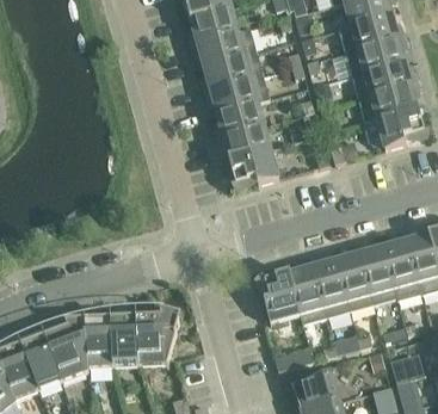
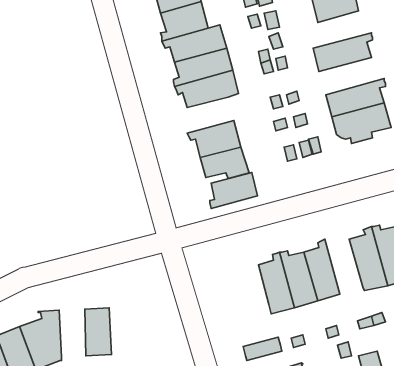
building: [339,13,405,51] -> none
building: [351,61,418,99] -> none
building: [215,101,264,138] -> [210,173,258,209]
building: [357,246,396,303] -> none
building: [264,273,300,322] -> none
building: [136,309,181,365] -> none
building: [85,319,112,367] -> none

